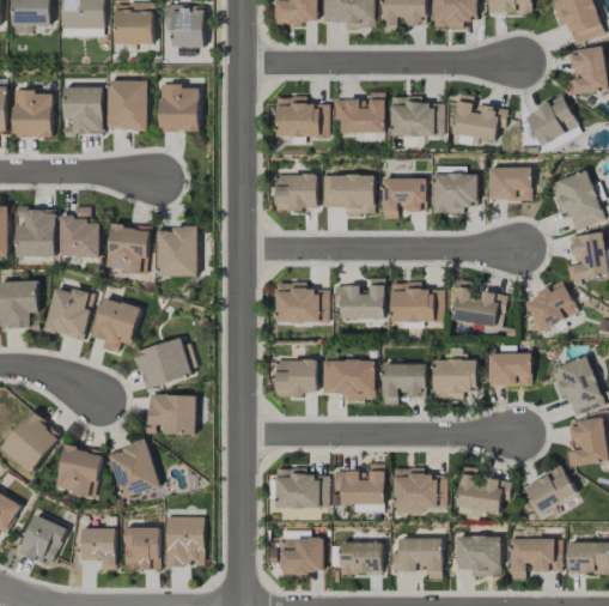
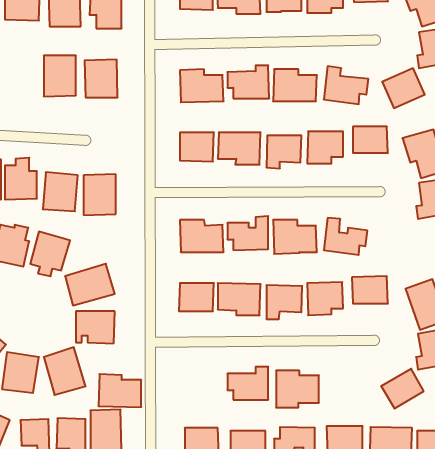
building: [62,86,103,135] -> none
building: [525,280,577,331] -> none
building: [456,467,511,514] -> none
building: [275,468,328,509] -> [98,374,141,407]

